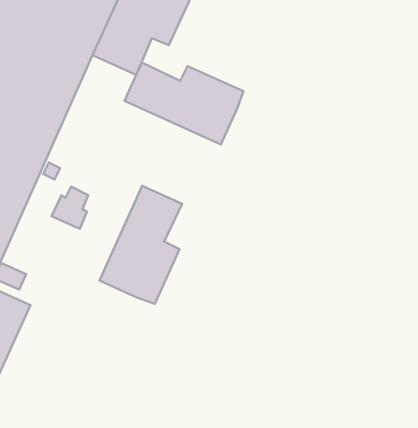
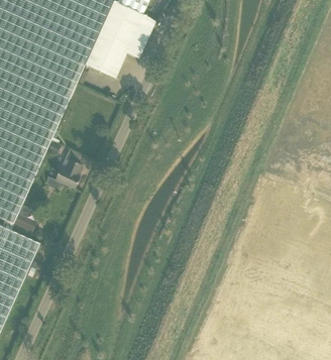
building: [124,62,244,145] -> none
building: [99,186,182,304] -> none

